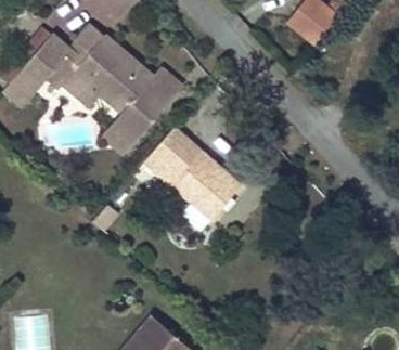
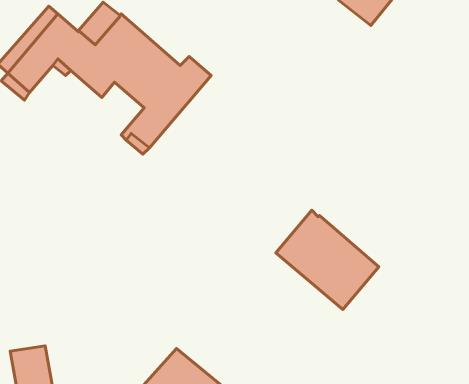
building: [155,137,242,220] -> [276,210,379,309]

